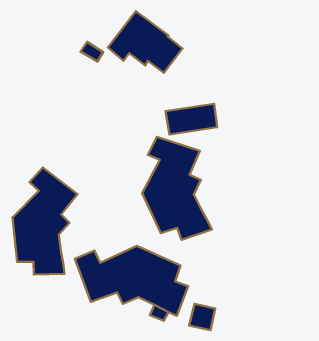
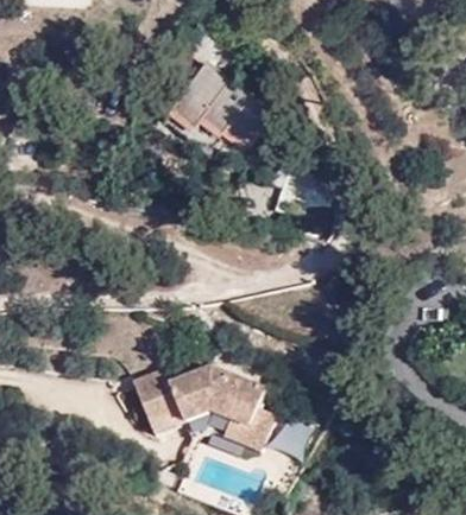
building: [142,137,212,240] -> none
building: [13,168,77,275] -> none

